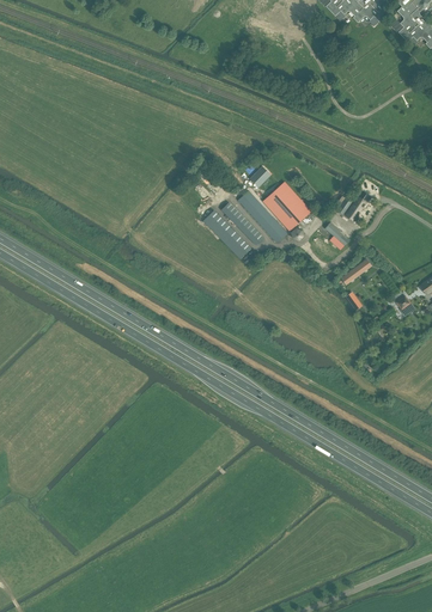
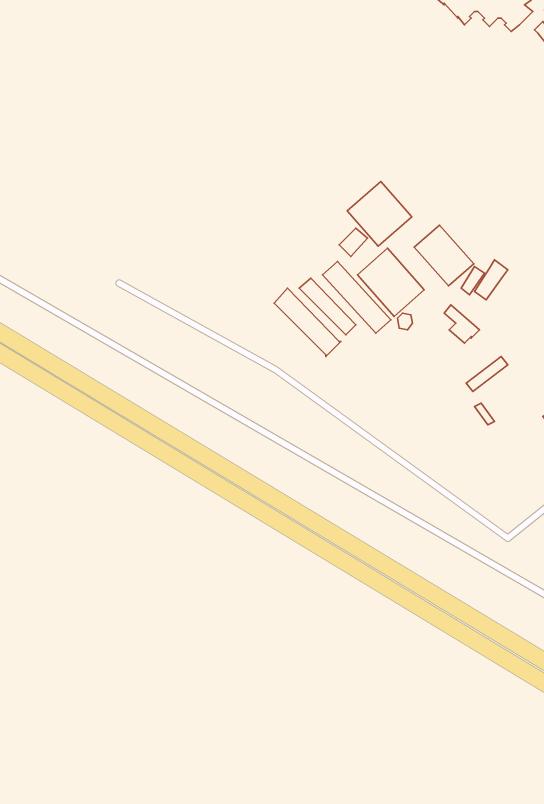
building: none -> [347,181,412,246]
building: none -> [414,225,474,286]

